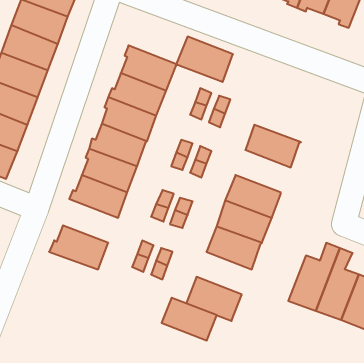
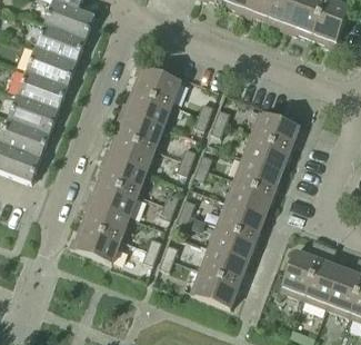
building: [176,37,233,82] -> [250,109,300,149]
building: none -> [233,156,282,194]
building: none -> [81,199,130,238]
building: [162,298,217,340] -> [199,246,248,284]

